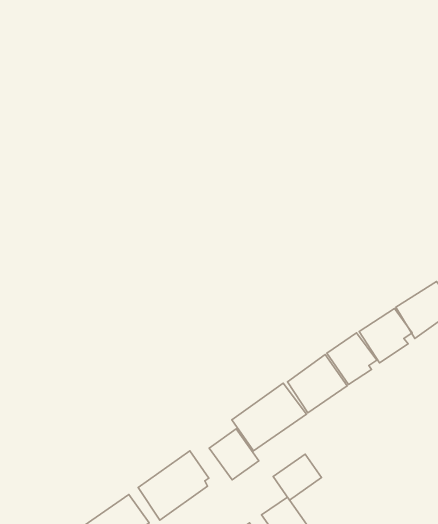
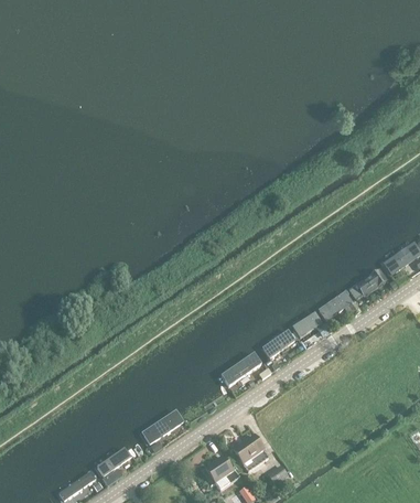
building: [209,429,259,480] -> none
building: [273,454,321,500] -> none

